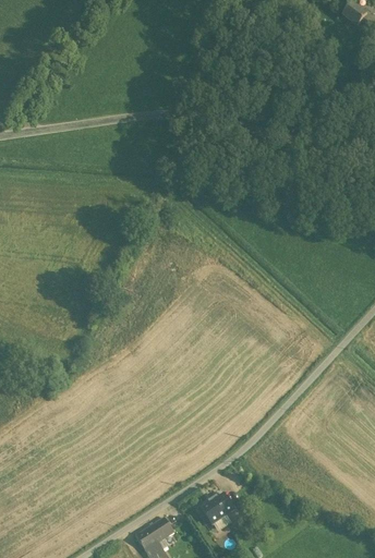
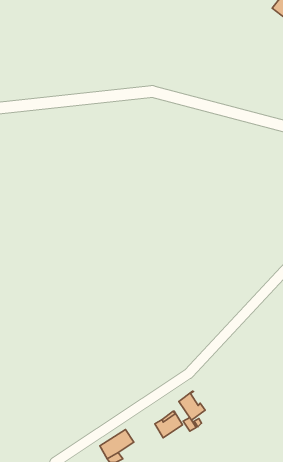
building: none -> [179,391,205,420]

